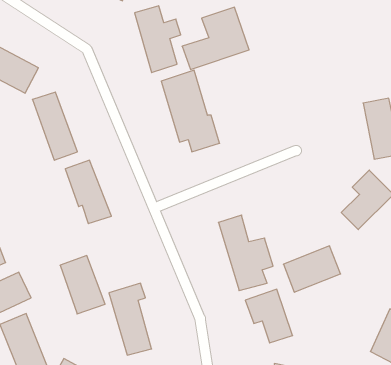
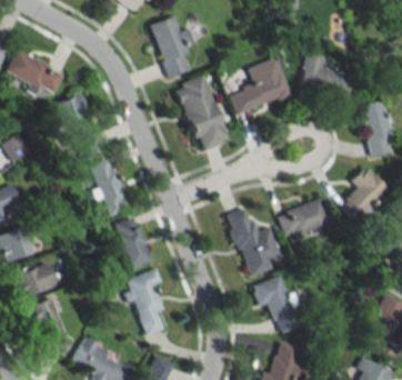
building: [182,7,249,69] -> [230,57,291,113]
building: none -> [300,52,352,97]
building: [283,246,341,292] -> [278,198,330,240]
building: [60,256,105,314] -> [112,216,153,269]

